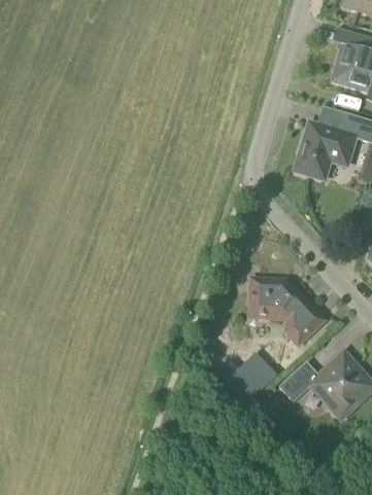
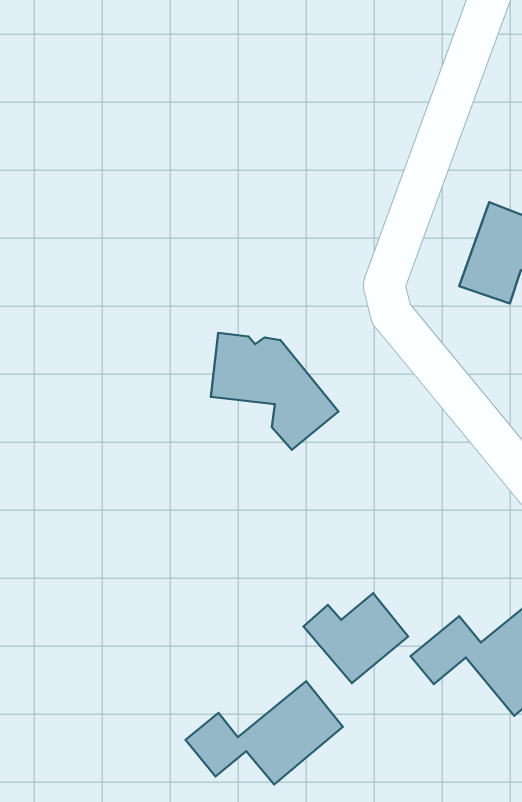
building: [249,279,324,344] -> [211,333,339,450]
building: none -> [185,681,343,784]

